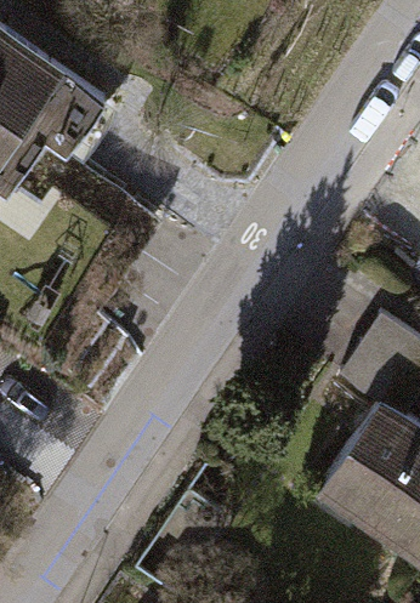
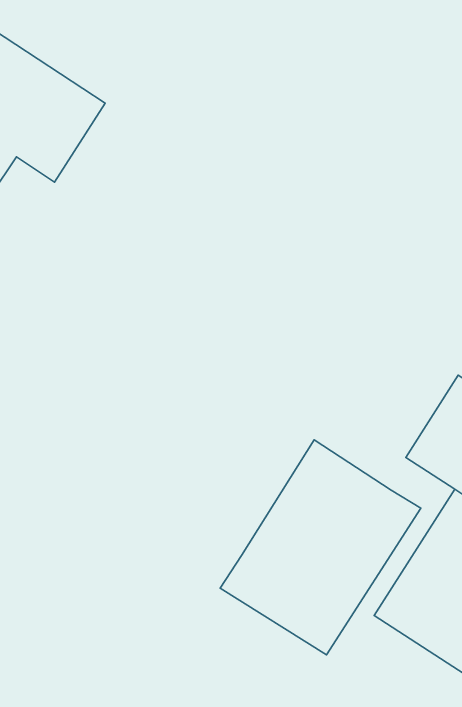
building: none -> [220,440,421,655]

